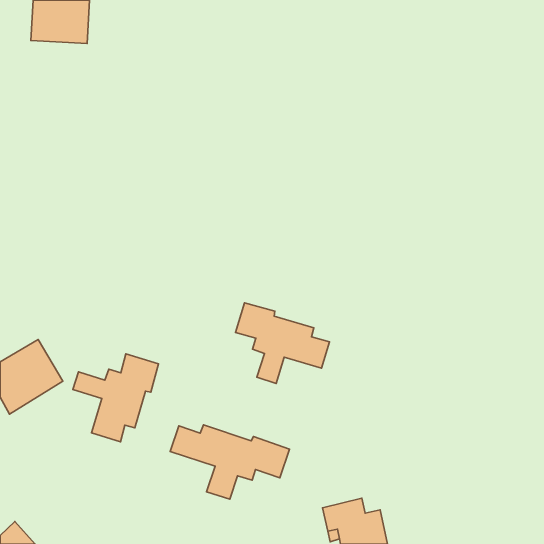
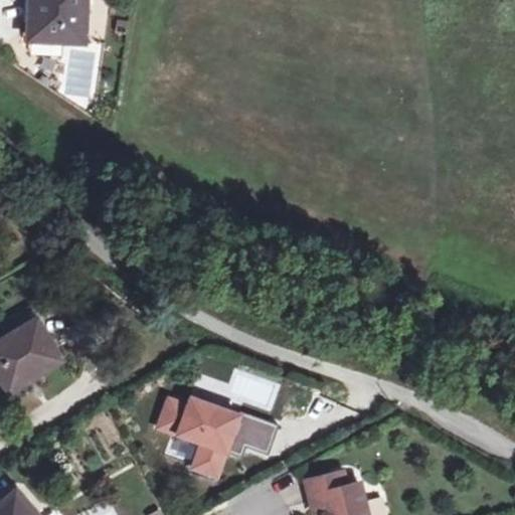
building: [235,303,329,383] -> none
building: [73,354,158,442] -> none

